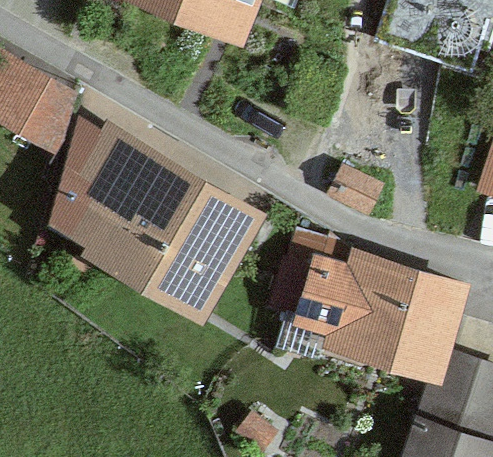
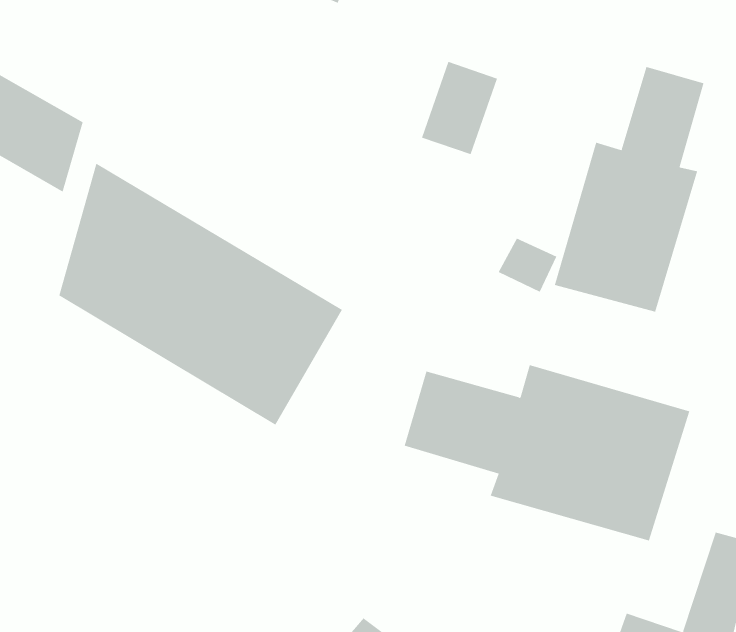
building: none -> [554,66,704,313]

